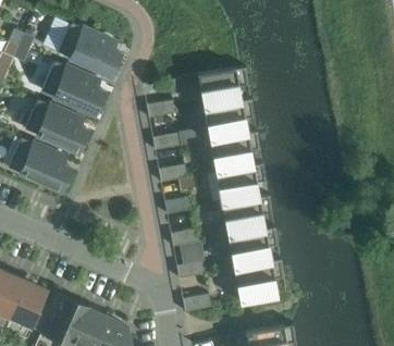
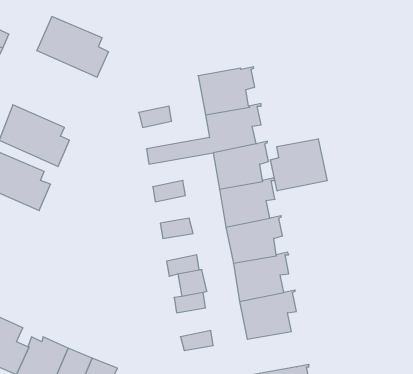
building: [41,61,102,113] -> none
building: none -> [271,139,327,191]

